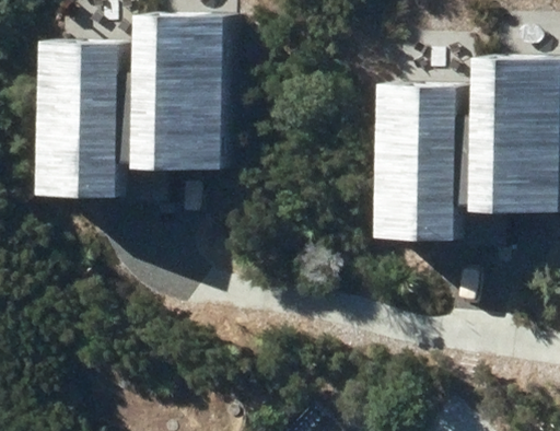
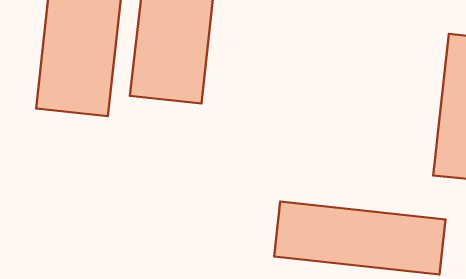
building: [384,82,464,238] -> none
building: none -> [274,202,446,275]

